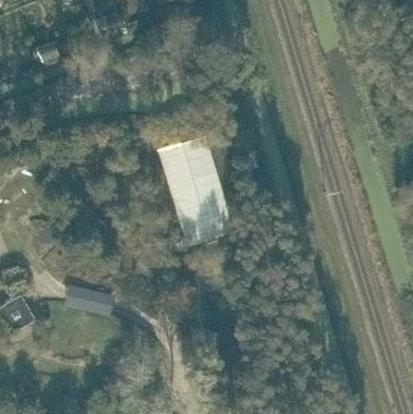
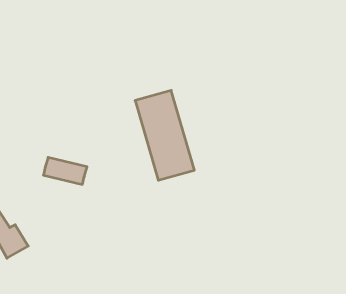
building: [63,281,114,313] -> [43,157,87,184]

